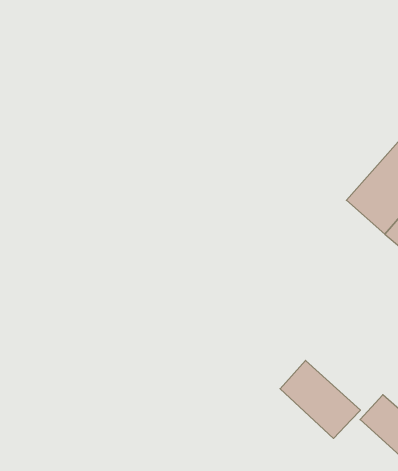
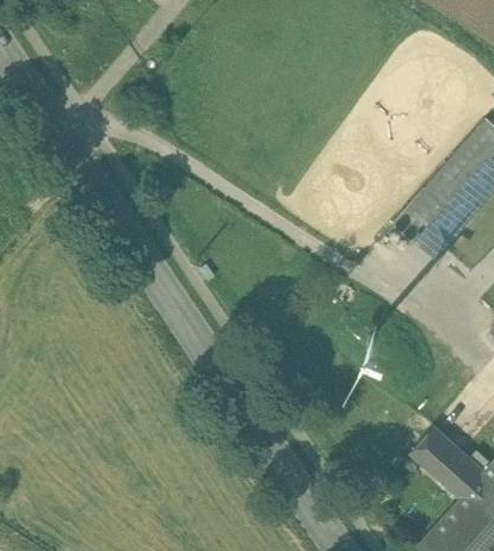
building: [280,360,360,438] -> none

